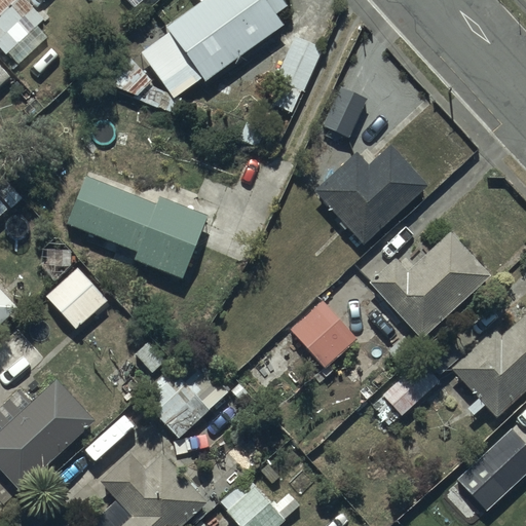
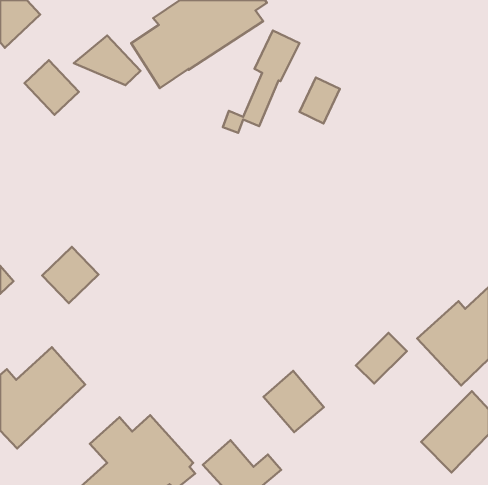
building: none -> [25,60,79,115]
building: [315,143,427,242] -> none
building: [66,175,209,278] -> none
building: [369,233,488,338] -> none
building: [292,301,356,367] -> [263,371,324,432]
building: [144,364,226,438] -> none

